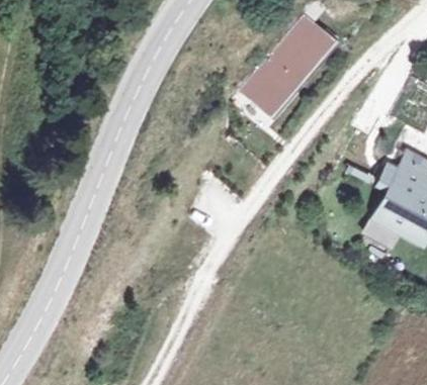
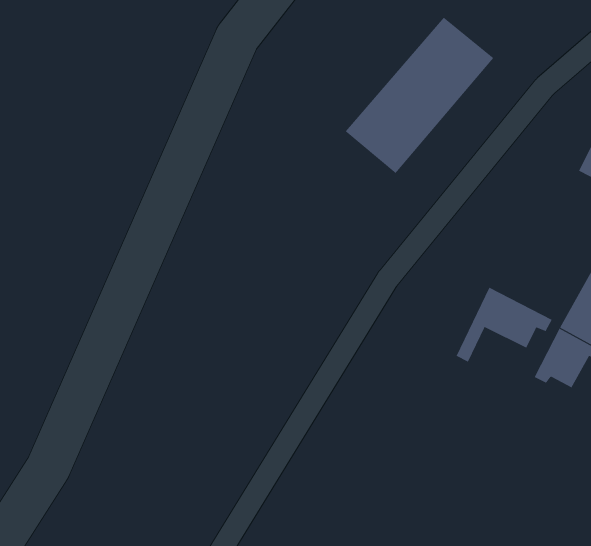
building: none -> [456,287,552,363]

